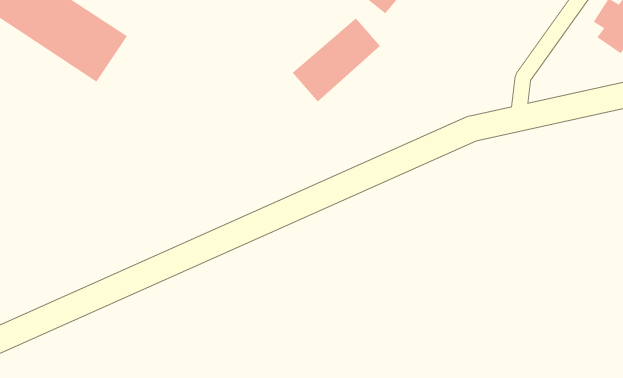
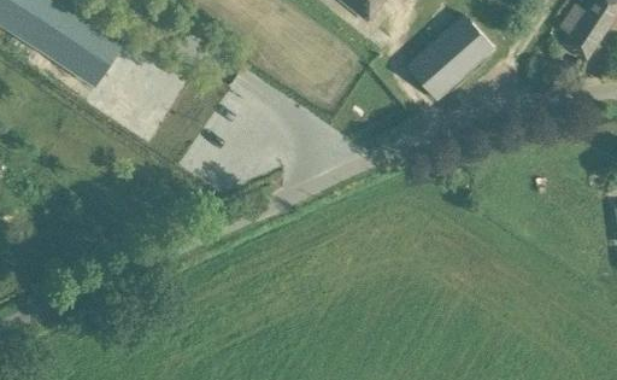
building: [292,18,381,103] -> [411,21,494,100]

